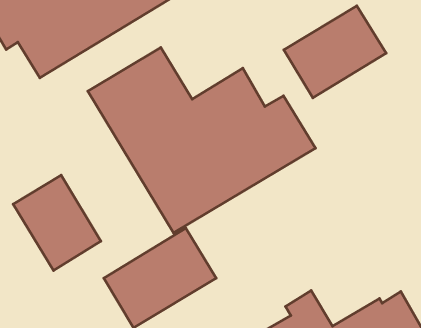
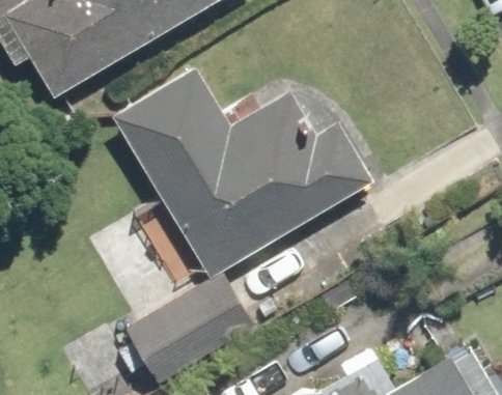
building: [284,6,386,98] -> none
building: [13,175,101,270] -> none

